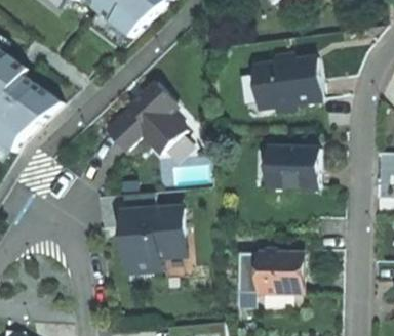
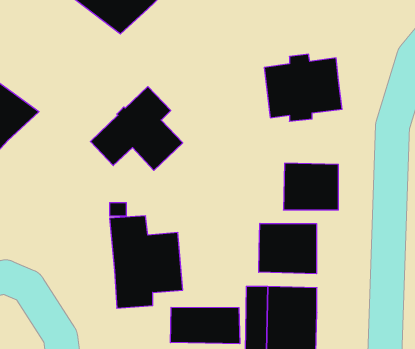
building: none -> [259,223,316,274]
building: none -> [170,307,240,344]

